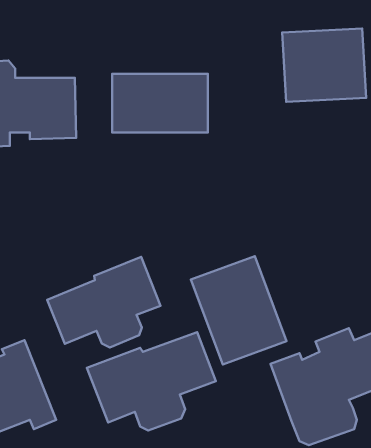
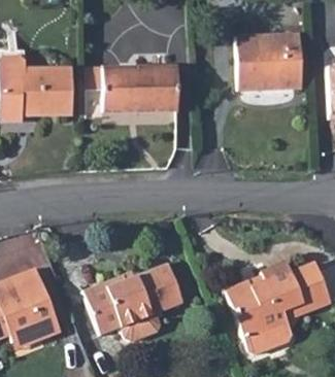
building: [191,256,287,364] -> none
building: [47,257,160,347] -> none

